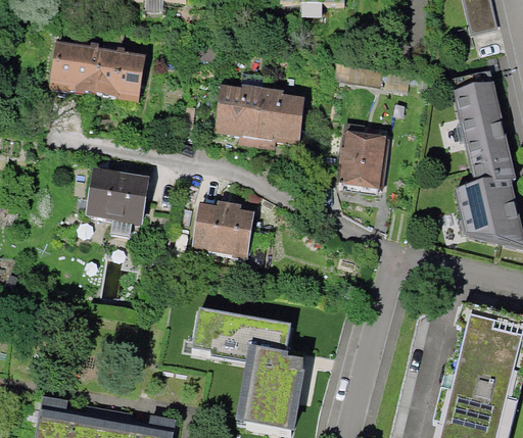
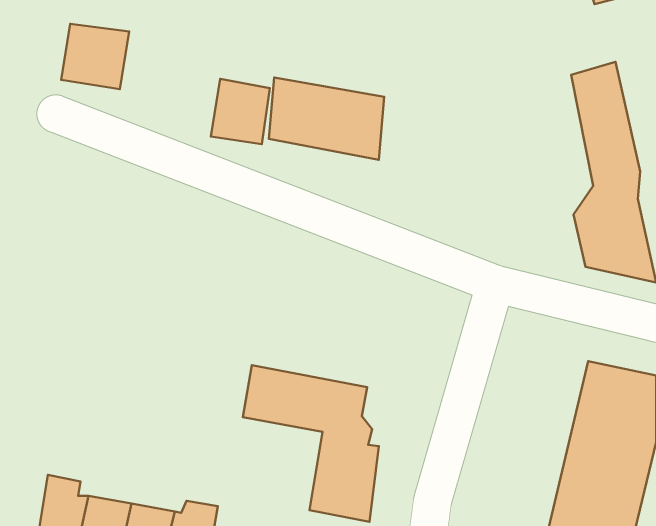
building: [99,49,145,100] -> [211,79,270,144]
building: [339,133,381,195] -> none
building: [87,165,150,225] -> none
building: [192,202,253,256] -> none

